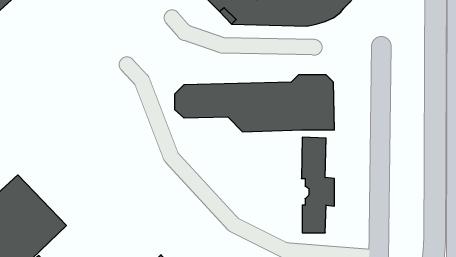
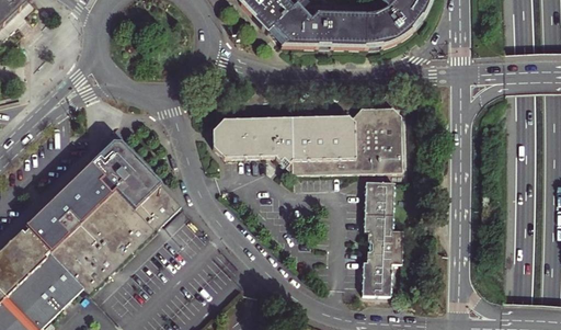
building: none -> [24,139,181,292]

